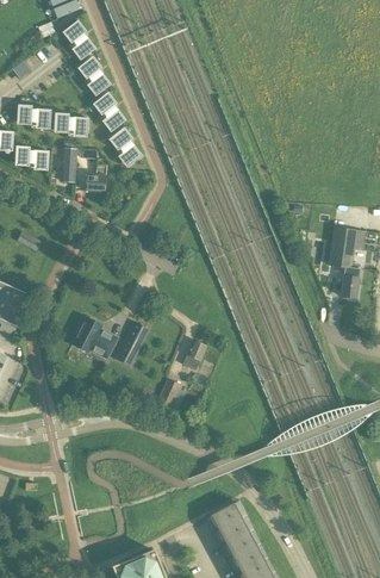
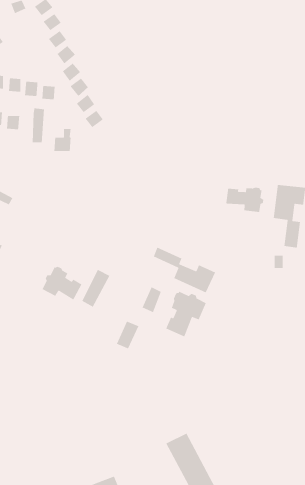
building: none -> [225,187,264,213]
building: none -> [153,246,216,293]
building: none -> [165,290,207,339]

